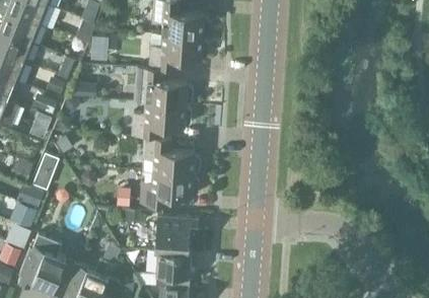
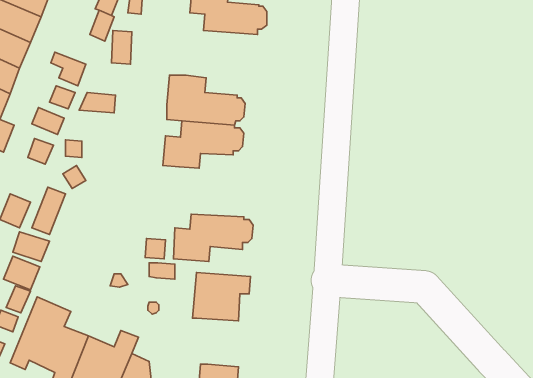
building: [149,35,209,71] -> none
building: [143,138,201,175] -> none
building: [154,251,192,288] -> none

